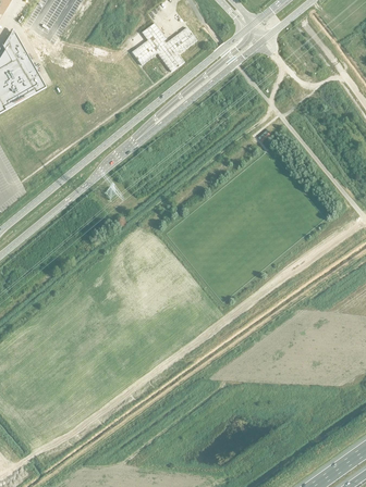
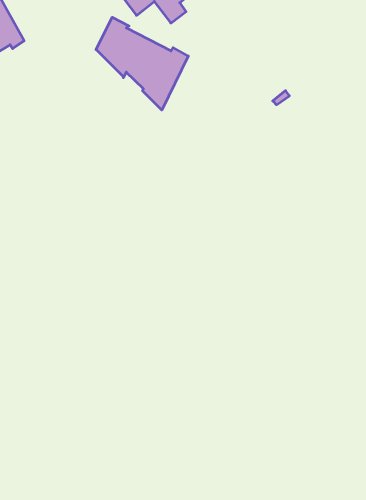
building: none -> [96,17,188,110]

